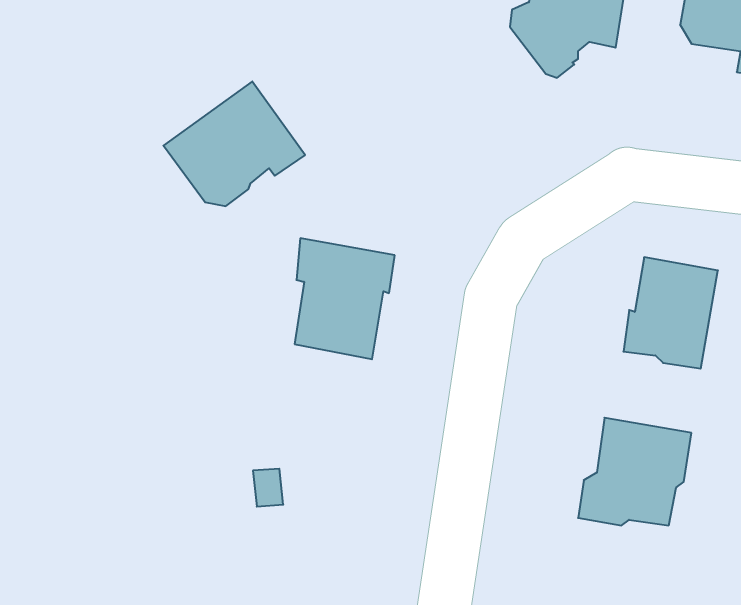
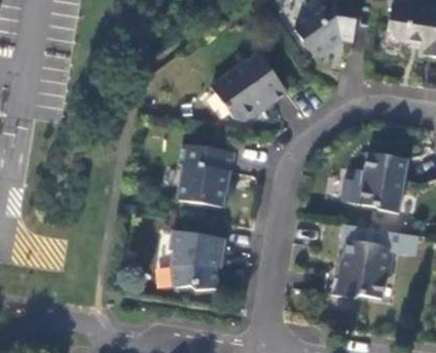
building: [163,81,305,206] -> [211,52,288,120]
building: none -> [172,231,224,290]

